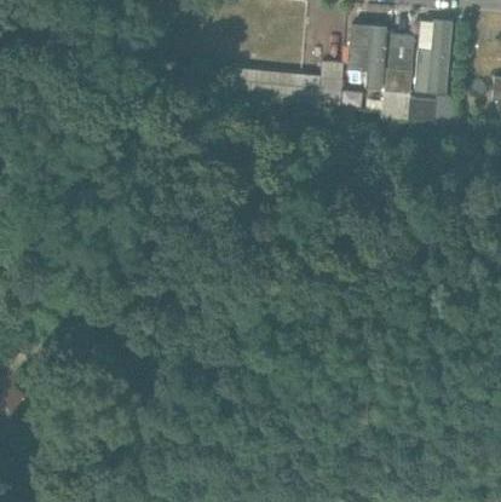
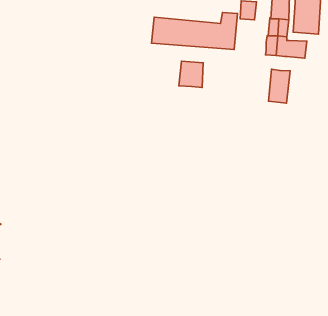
building: none -> [179,61,203,88]
building: none -> [269,69,290,103]

